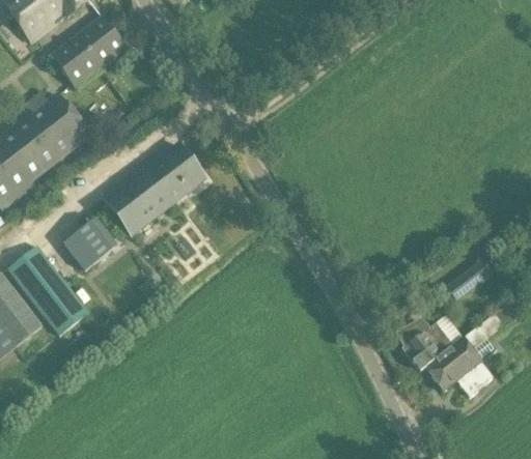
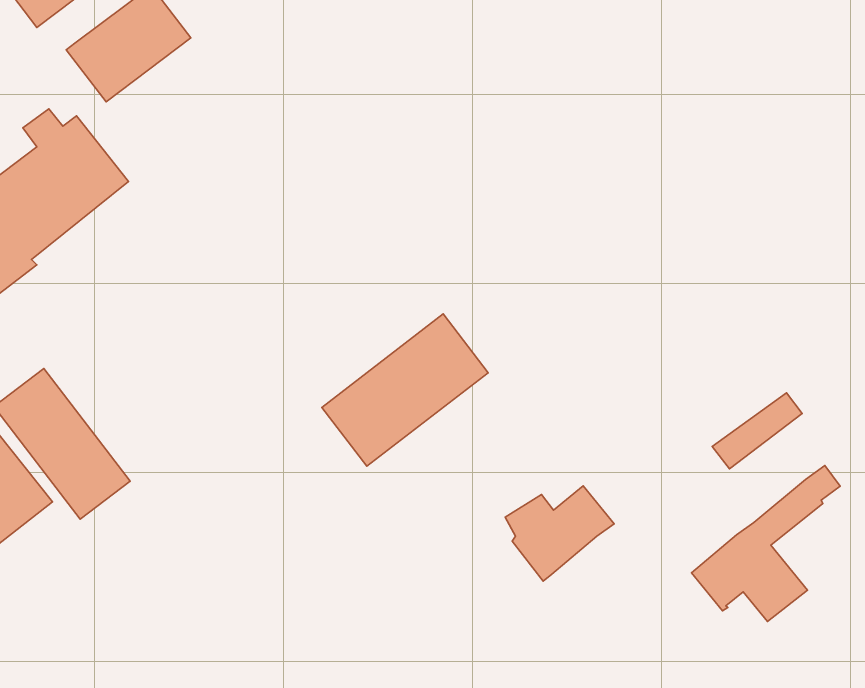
building: [105,144,204,235] -> [322,314,488,466]
building: [63,219,117,270] -> none
building: [397,316,463,373] -> [505,486,614,581]

